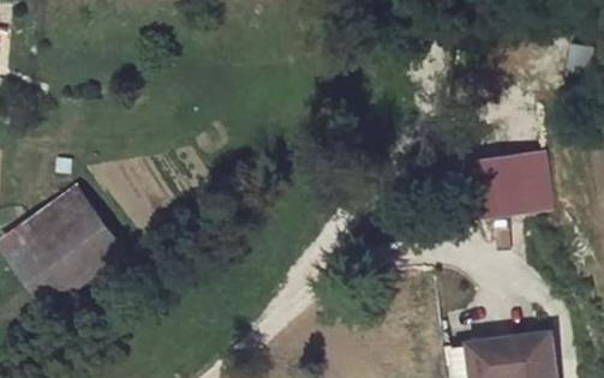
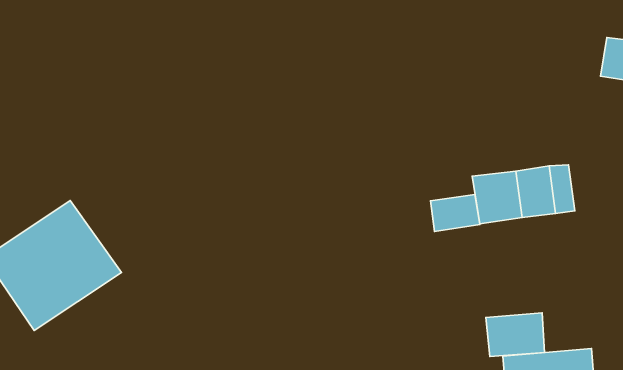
building: none -> [431,194,480,231]
building: none -> [486,313,545,357]

